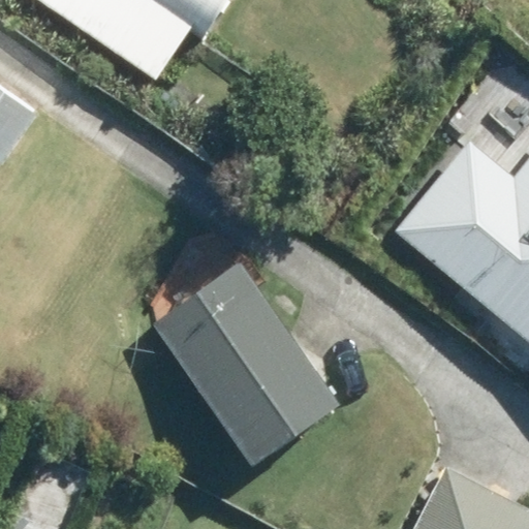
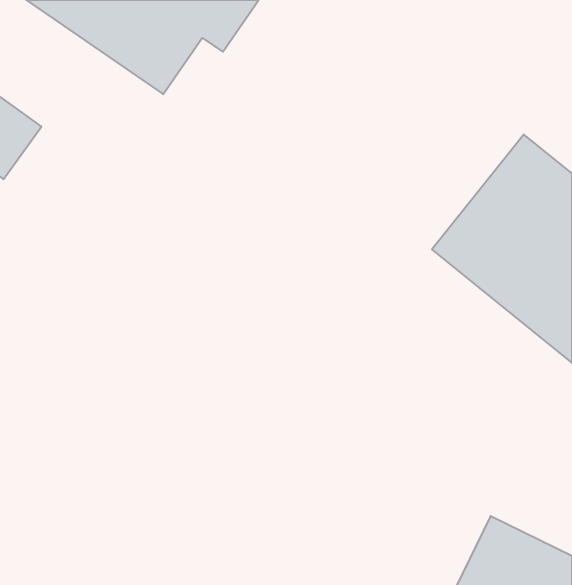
building: [158,261,346,462] -> none

